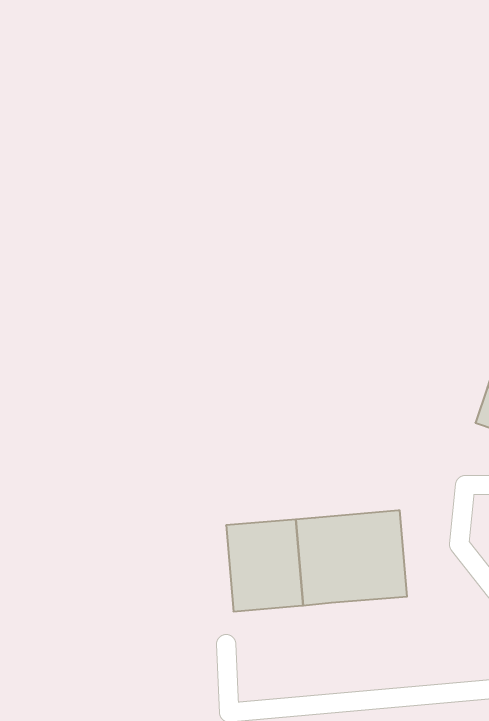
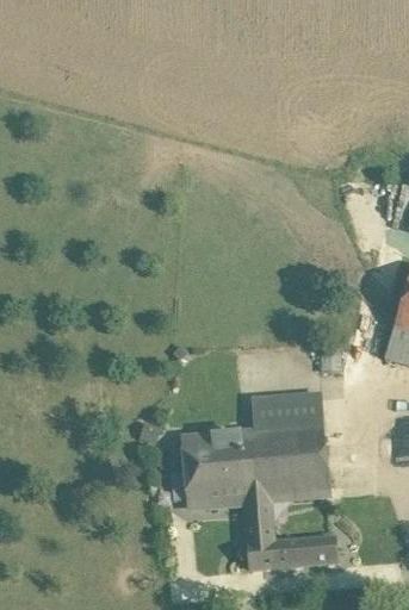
building: none -> [250,392,321,431]
building: none -> [243,499,335,568]

